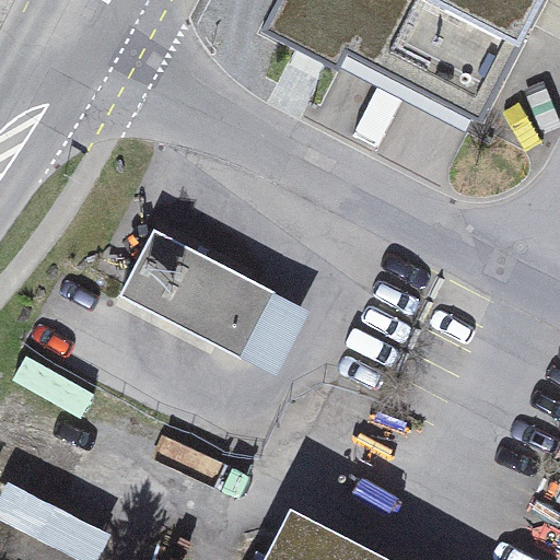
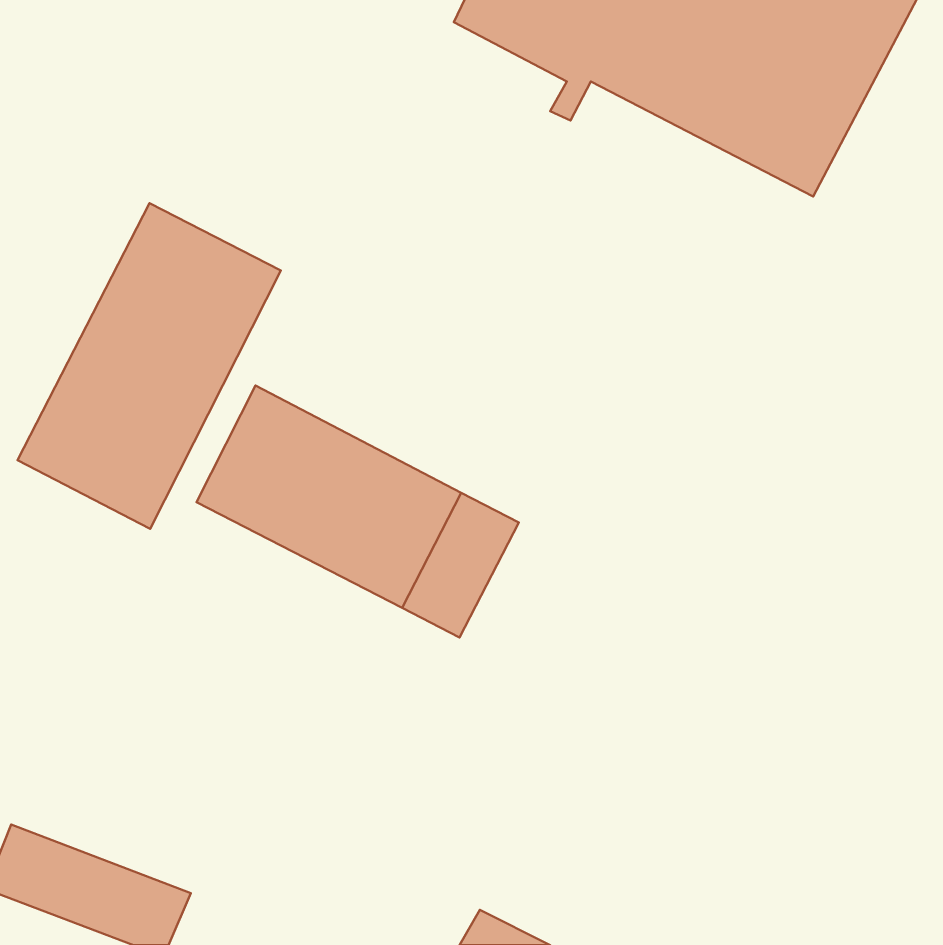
building: none -> [17,203,281,529]

